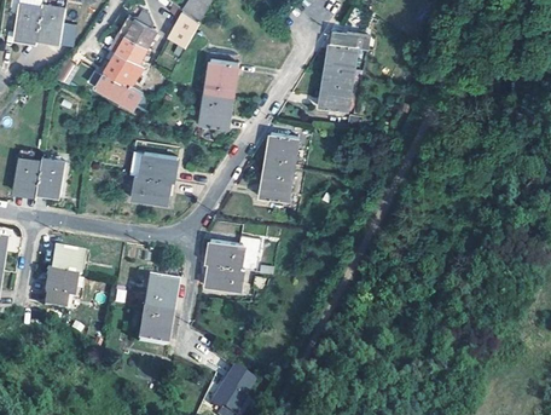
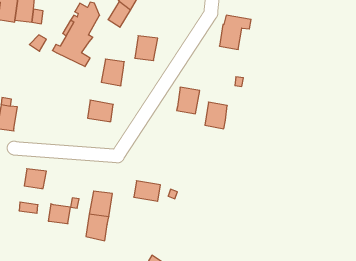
building: [319,75,352,111] -> none
building: [199,92,232,129] -> [101,59,124,86]
building: [35,157,64,196] -> none
building: [260,166,291,203] -> [205,102,227,129]
building: [132,175,169,204] -> none
building: [205,238,261,273] -> none
building: [42,271,74,299] -> [48,204,70,224]

